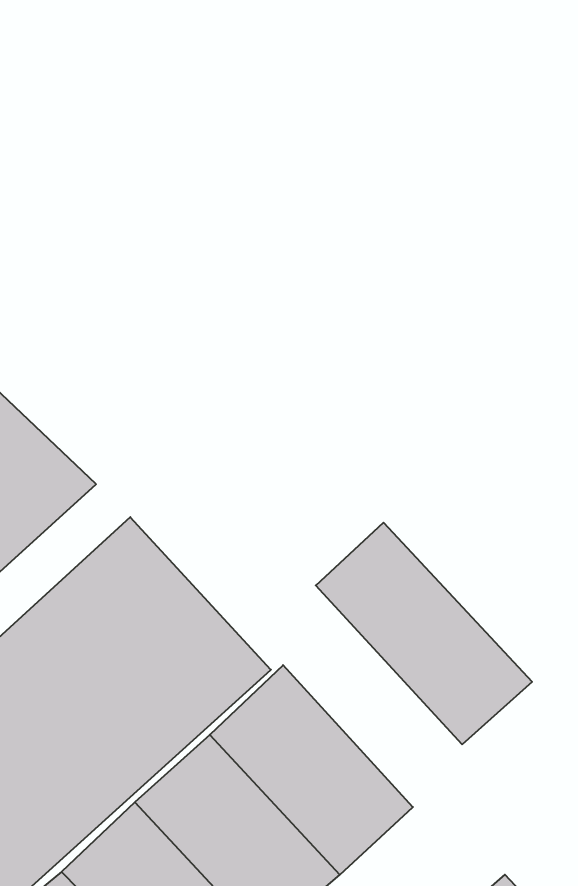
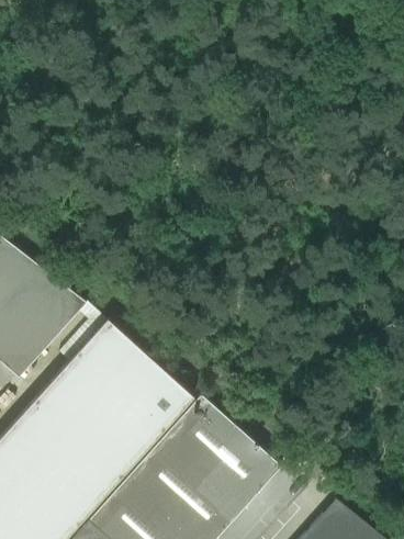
building: [316,523,532,744] -> none

